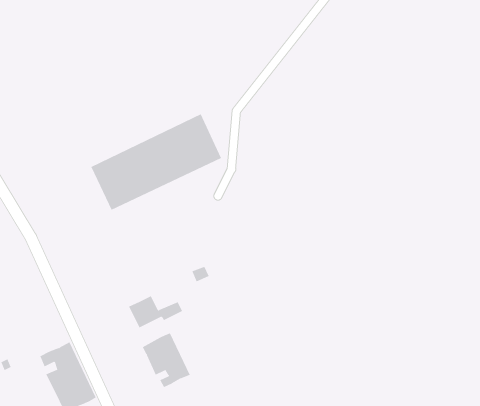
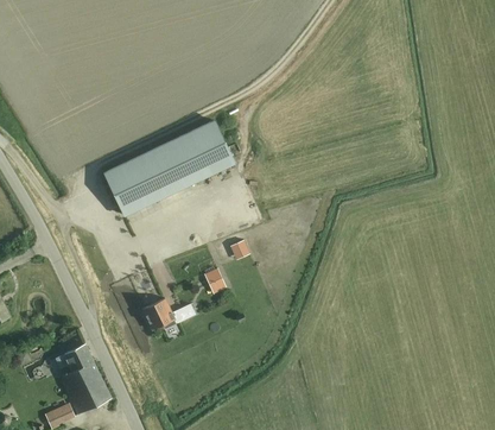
building: [142,333,191,388] -> none

